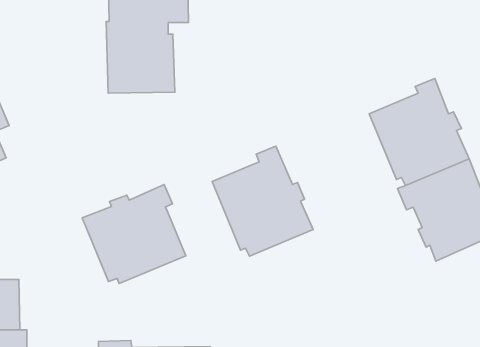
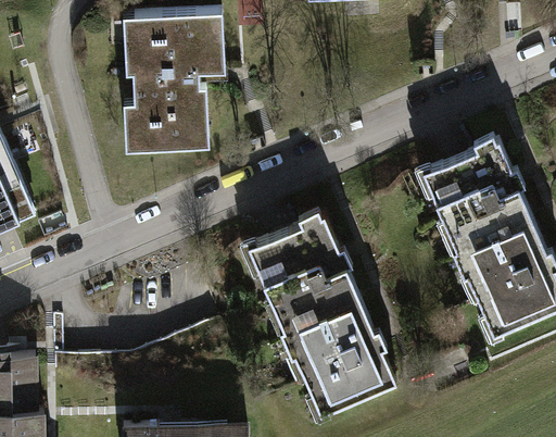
building: [82,185,186,284] -> none
building: none -> [280,300,394,413]

